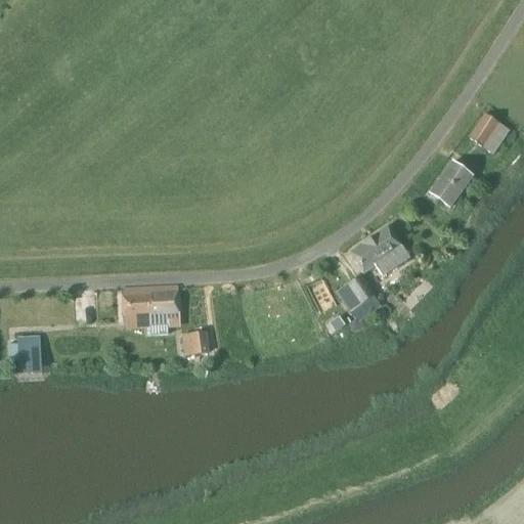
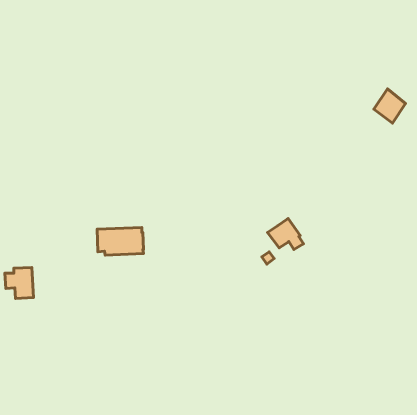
building: [430,161,472,207] -> none
building: [350,225,409,276] -> none
building: [181,333,209,355] -> none

